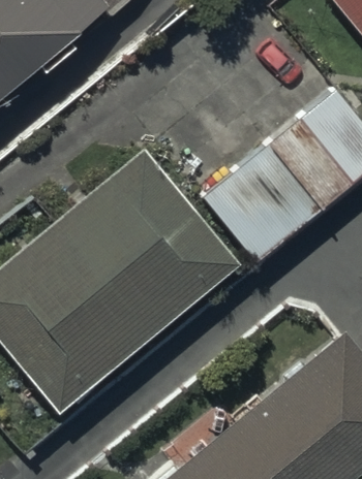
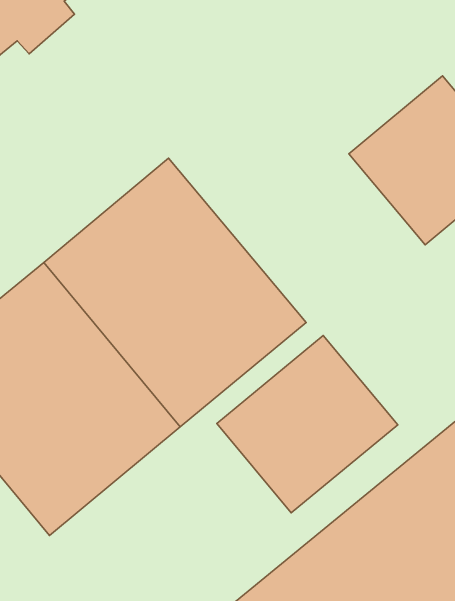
building: [203,145,324,263] -> none
building: none -> [217,335,398,513]

